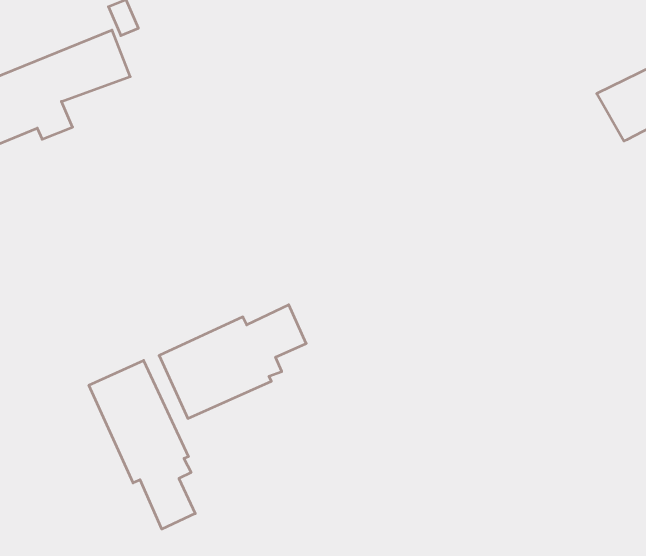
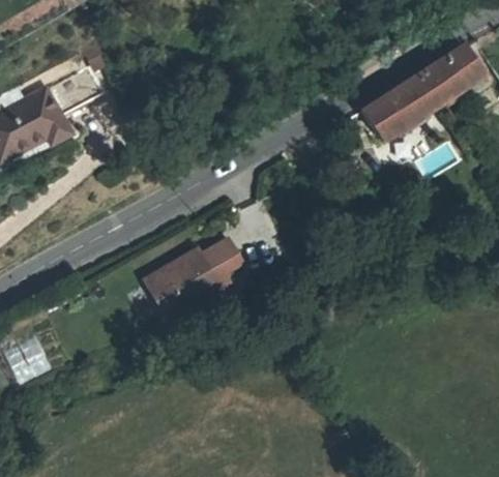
building: none -> [361,71,443,140]
building: [89,360,195,529] -> none

